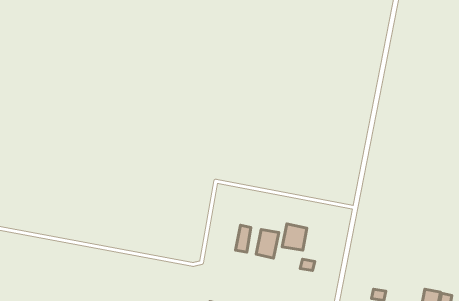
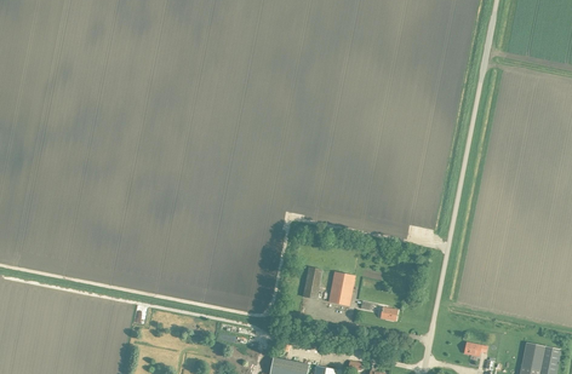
building: [282,224,307,250] -> none

